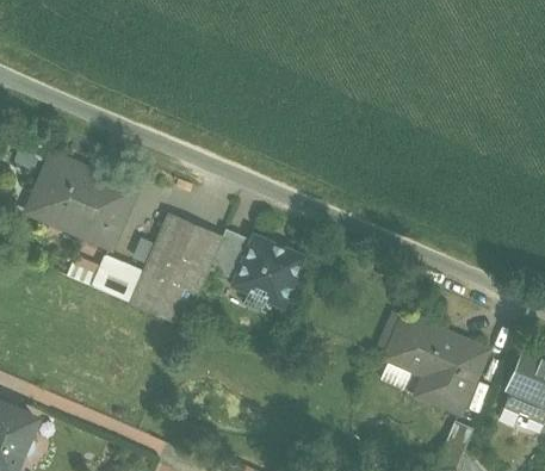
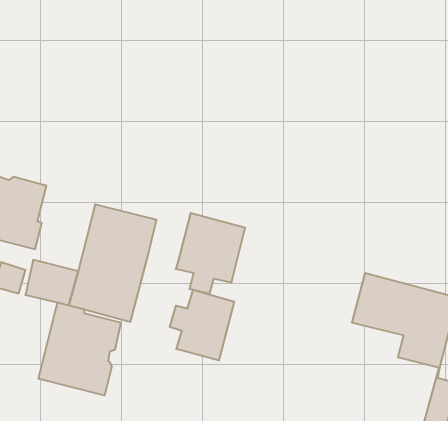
building: [210,230,253,280] -> none
building: none -> [38,302,121,395]
building: none -> [170,290,234,360]

